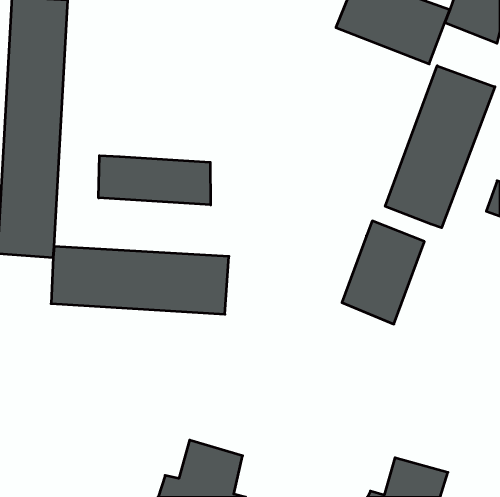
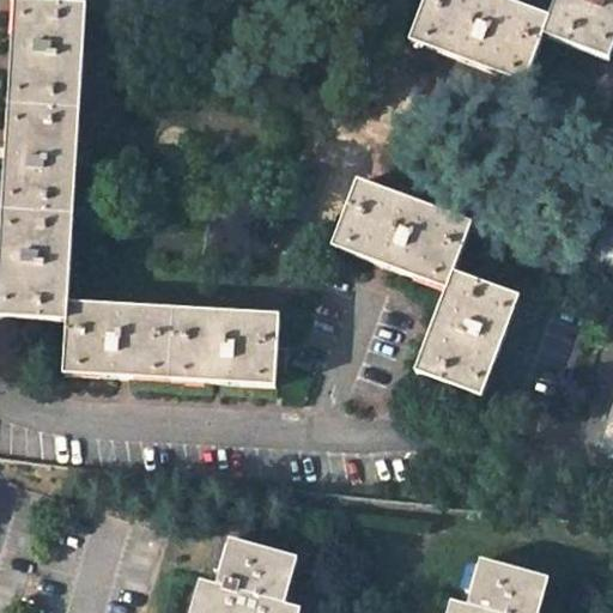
building: [385,66,495,228] -> none
building: none -> [334,178,472,287]
building: [99,156,211,205] -> none

